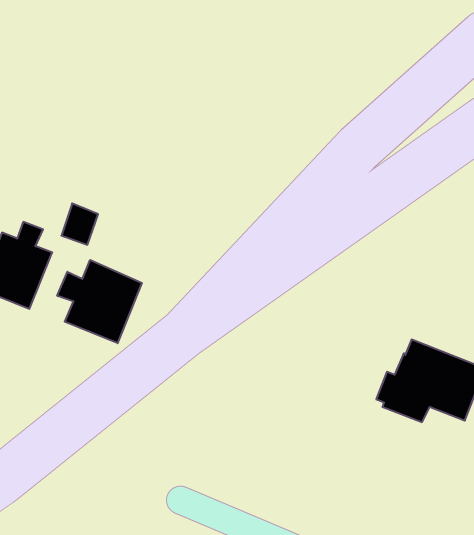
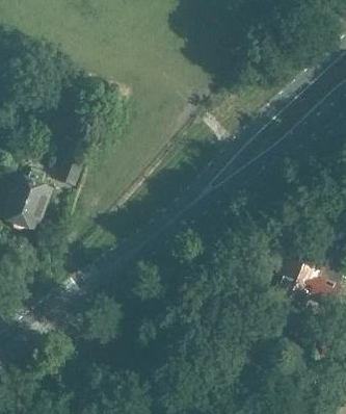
building: [57,260,142,343] -> none

